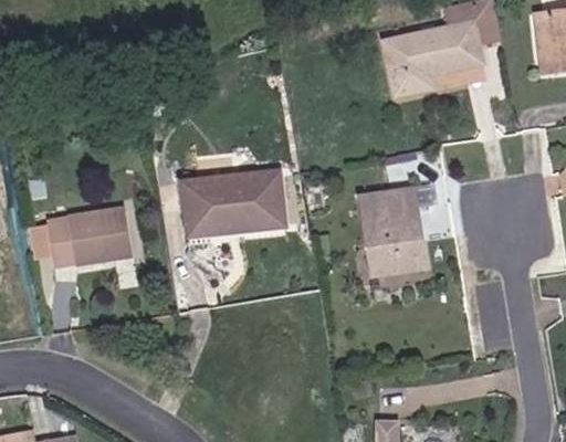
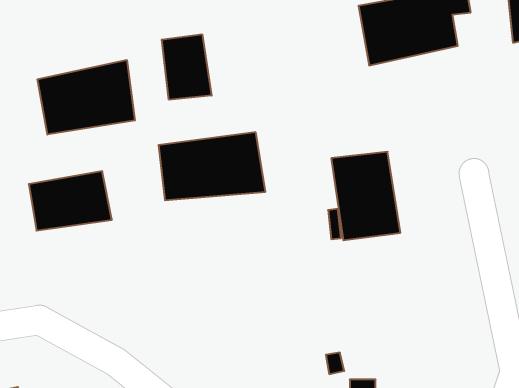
building: none -> [162,34,212,100]
building: none -> [38,60,135,135]

